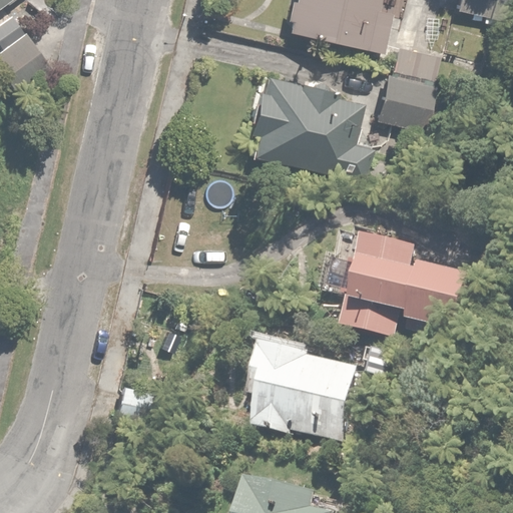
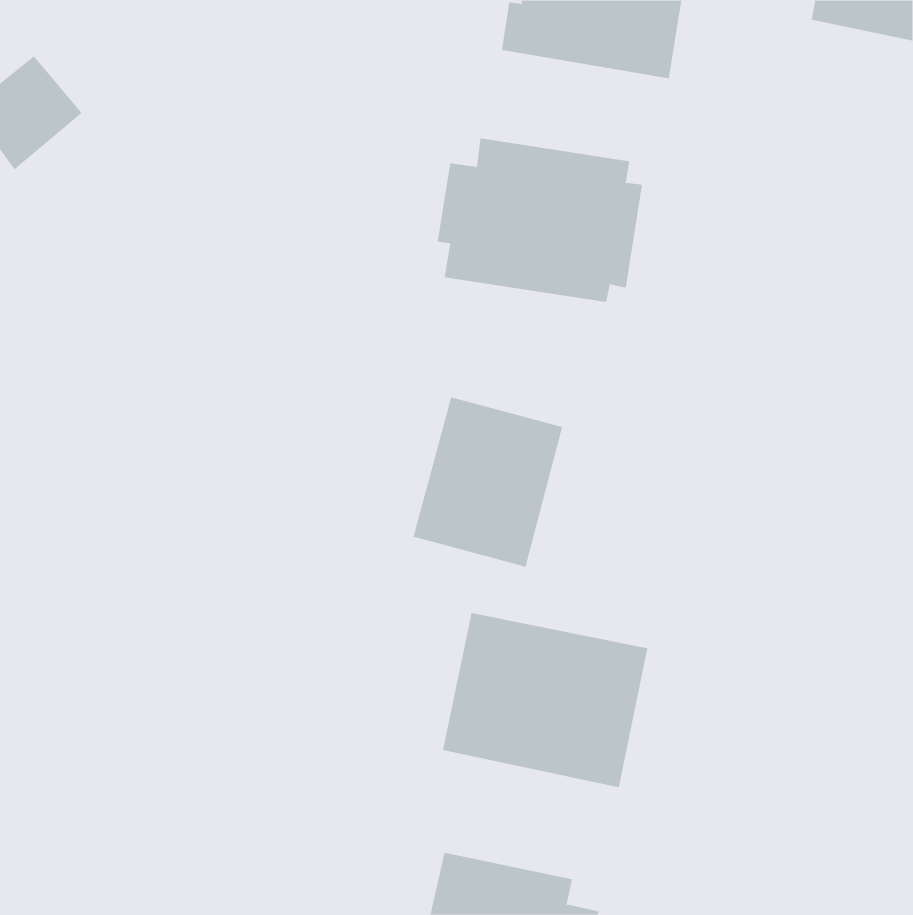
building: [372,44,441,133] -> none
building: none -> [413,397,563,568]
building: [322,229,480,342] -> none

